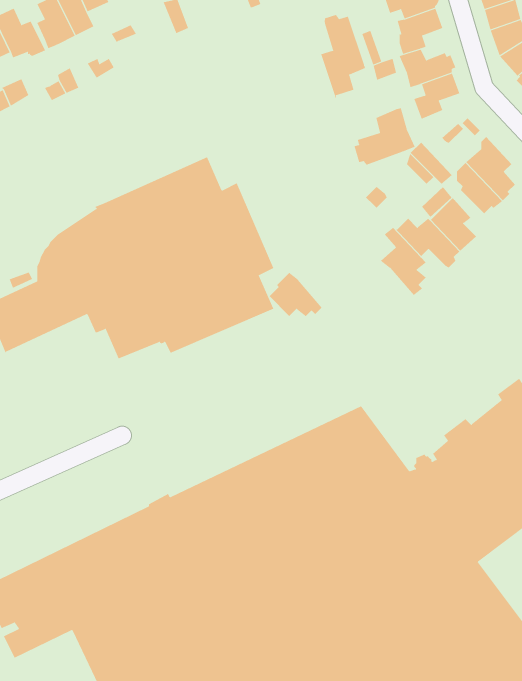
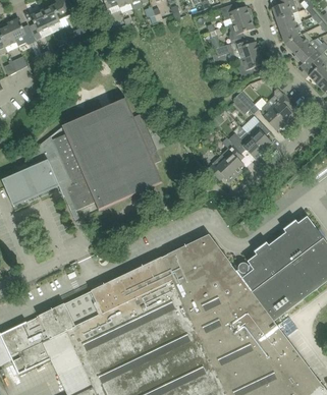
building: [321,14,366,101] -> none
building: [354,108,415,165] -> none
building: [269,272,323,317] -> [208,156,237,180]

